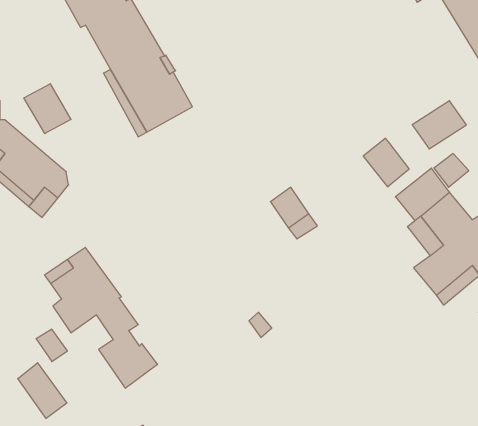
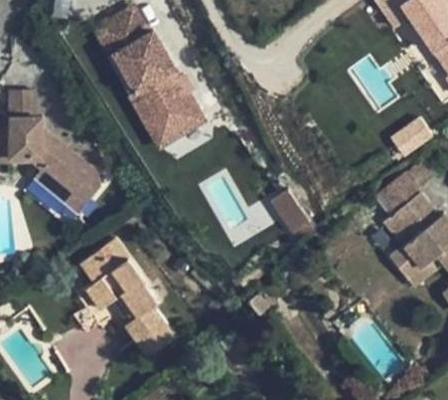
building: [24,84,71,134] -> none
building: [363,138,409,187] -> none
building: [18,363,67,418] -> none

